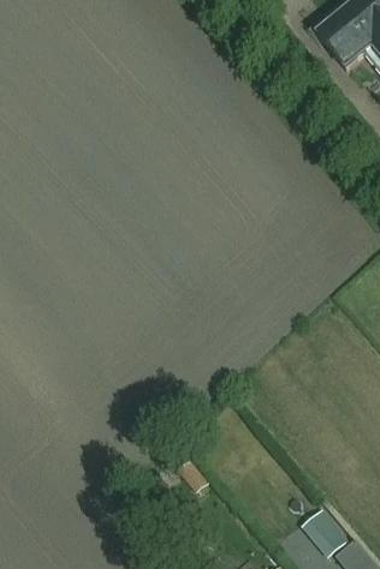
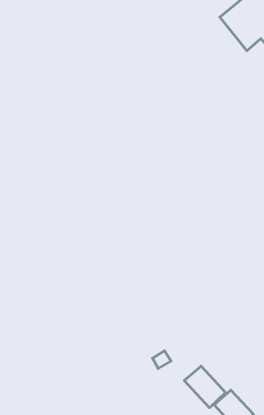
building: none -> [184,366,225,408]

